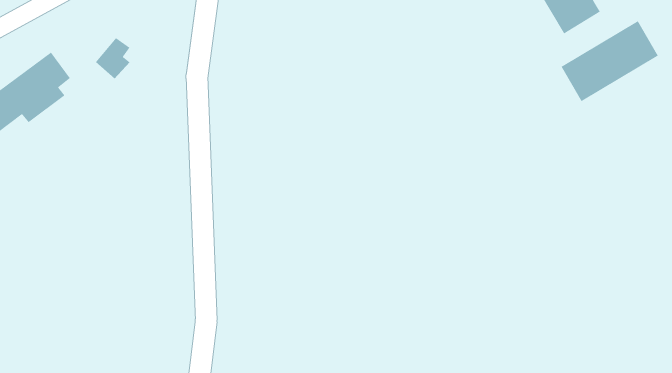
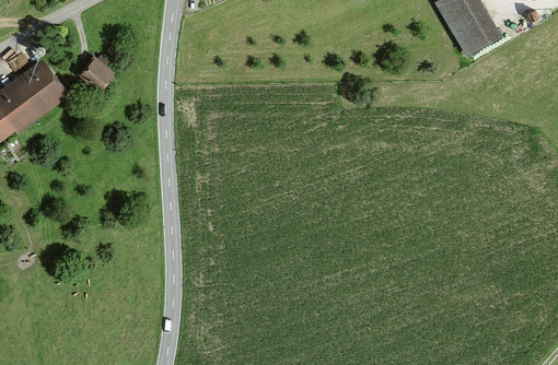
building: [561,20,659,102] -> none

